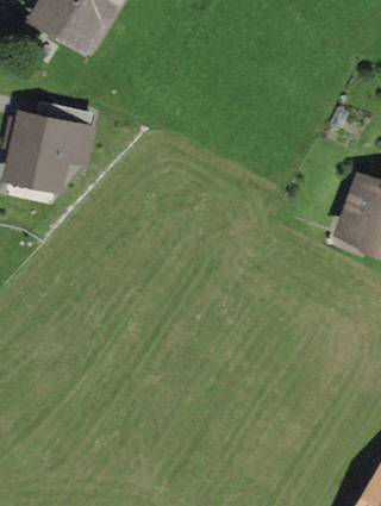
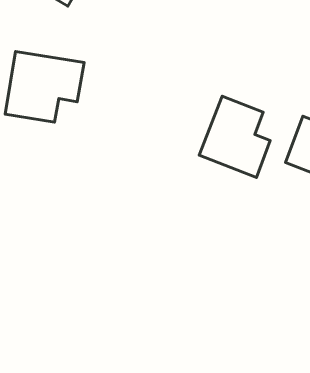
building: none -> [199,96,270,178]

